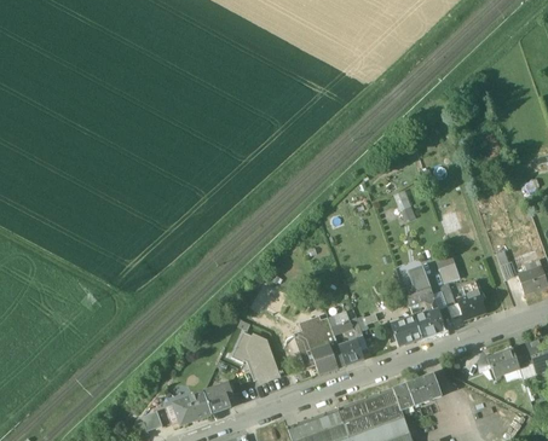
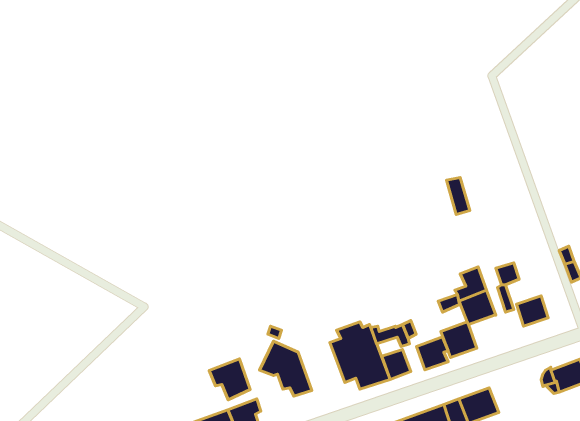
building: [415,309,443,338] -> [416,337,448,370]
building: none -> [209,359,250,400]

